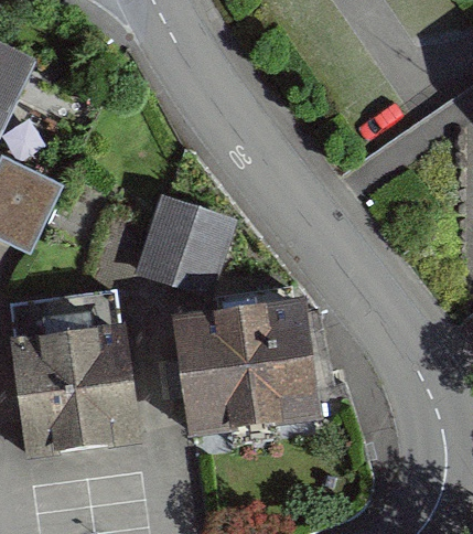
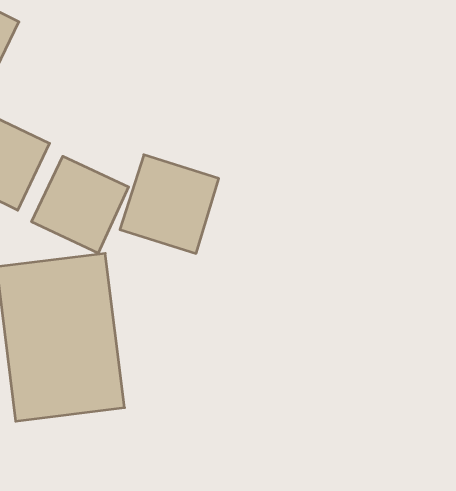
building: none -> [32,156,129,253]
building: [175,309,315,435] -> none

